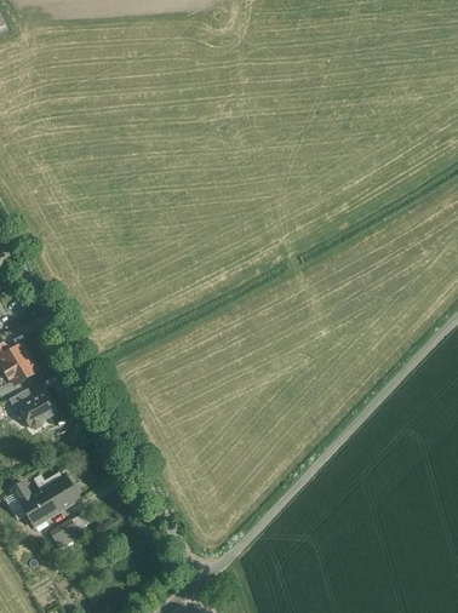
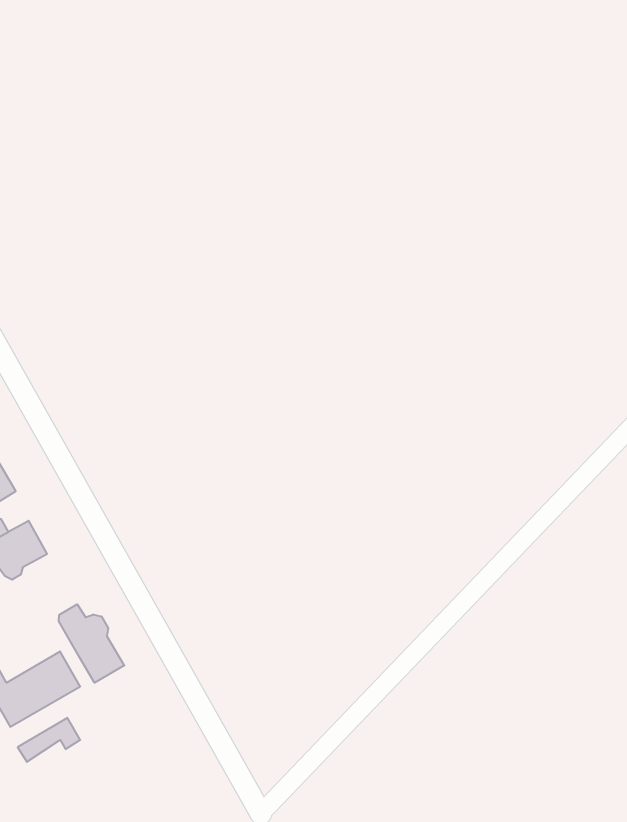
building: none -> [59,604,124,683]

